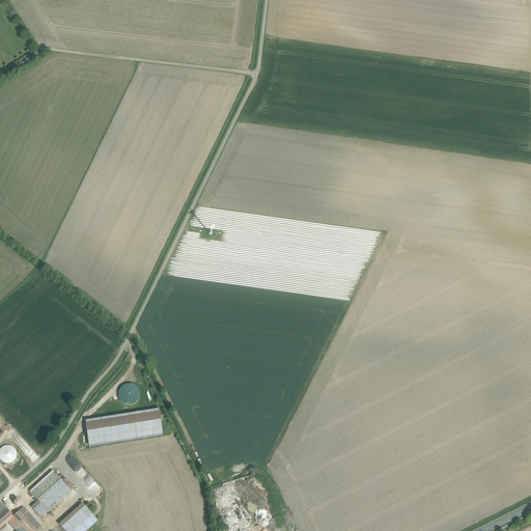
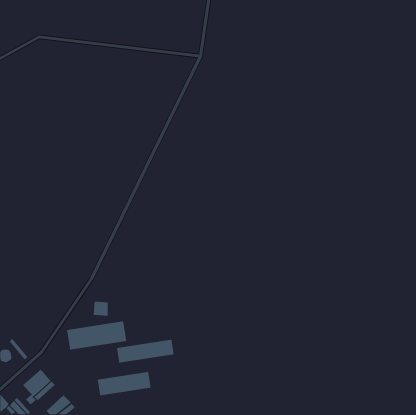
building: none -> [116,339,175,364]
building: none -> [97,371,152,396]

